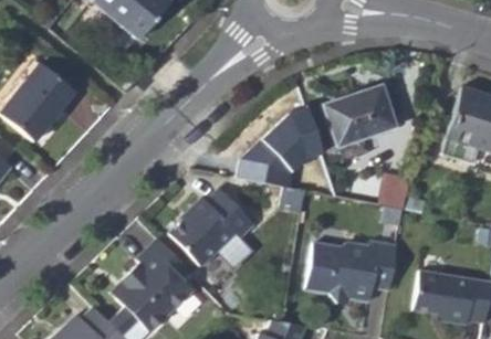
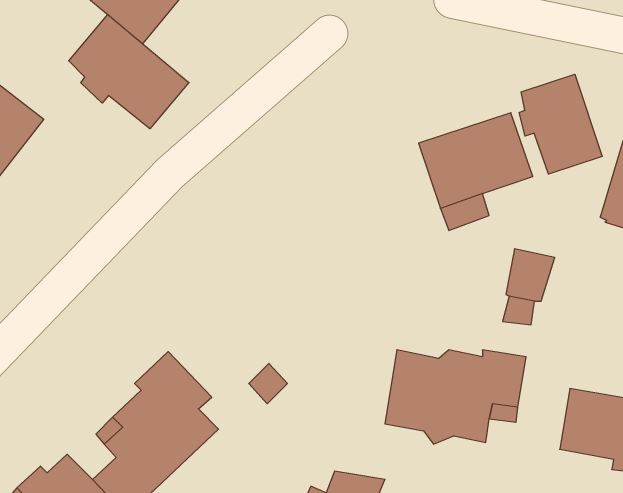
building: none -> [69,14,189,129]
building: none -> [519,74,602,174]
building: [240,108,327,187] -> none
building: [167,189,252,267] -> none

